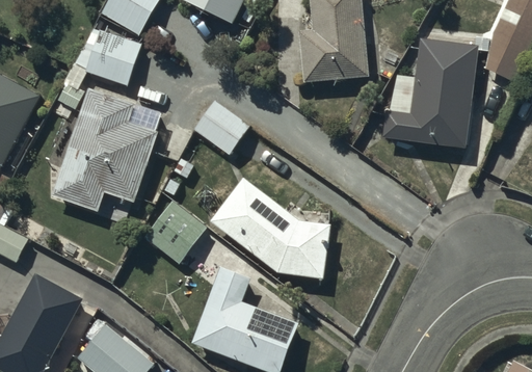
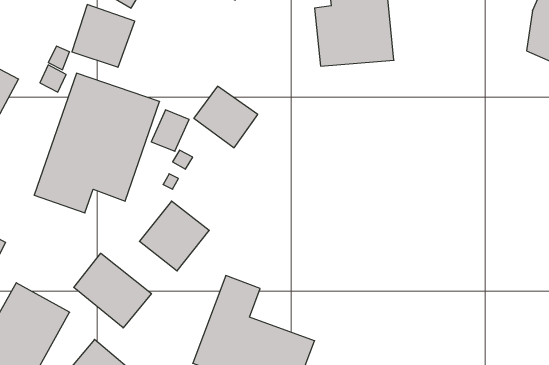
building: [384,43,478,151] -> none
building: [208,169,326,268] -> none
building: none -> [74,253,151,328]

